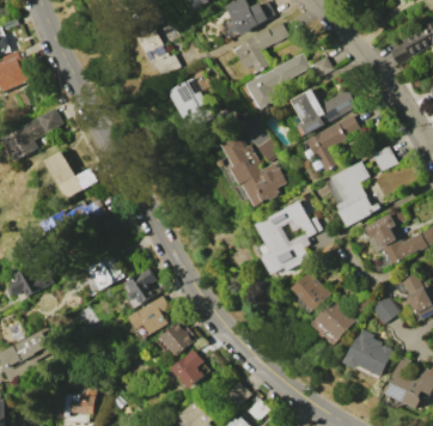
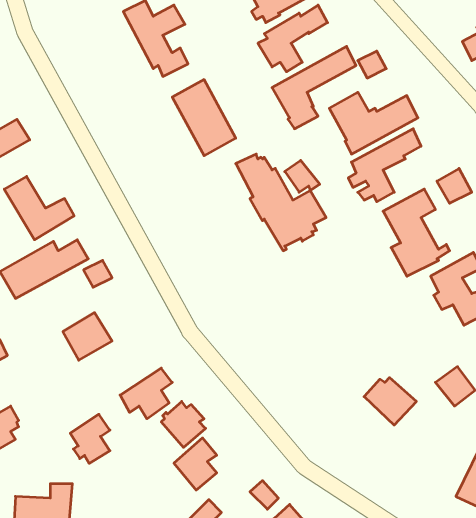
building: [254,201,321,275] -> none
building: [126,268,155,305] -> [70,414,110,463]
building: [291,273,333,311] -> none
building: [344,330,394,377] -> none

